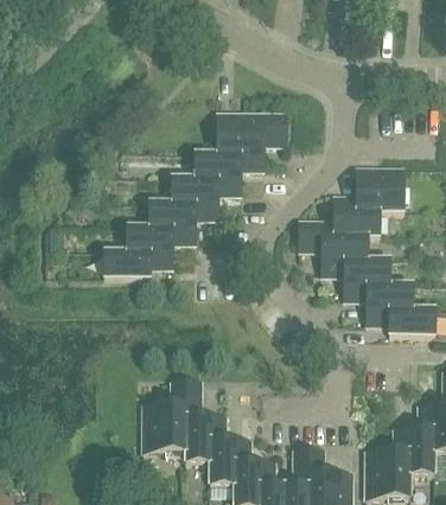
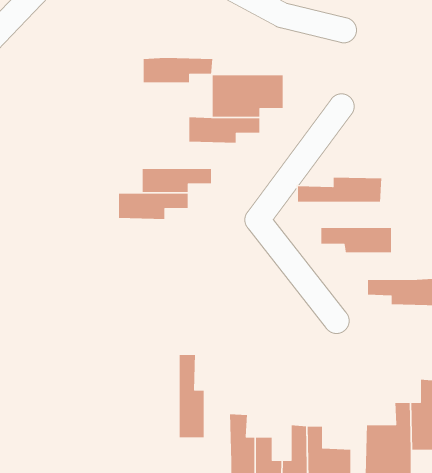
building: [332,167,408,211] -> none
building: [173,177,241,202] -> [143,57,213,83]
building: [299,235,368,258] -> none
building: [104,250,172,276] -> none
building: [344,283,414,308] -> none
building: [141,381,185,455] -> none
building: [210,415,235,484] -> none

